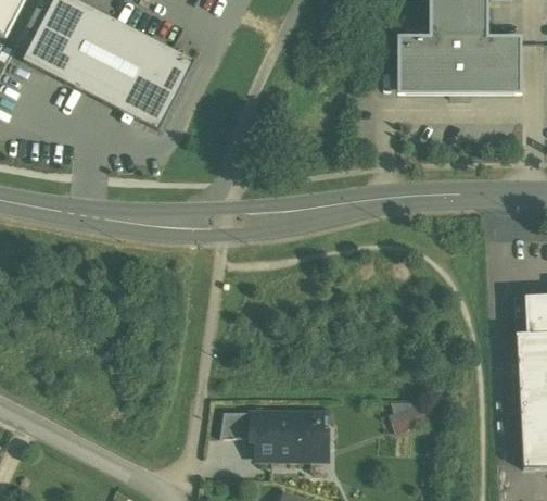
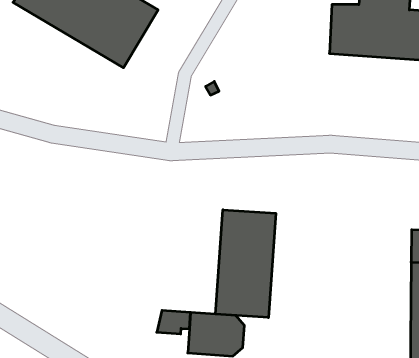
building: none -> [216,210,276,318]
building: [389,399,425,430] -> none

